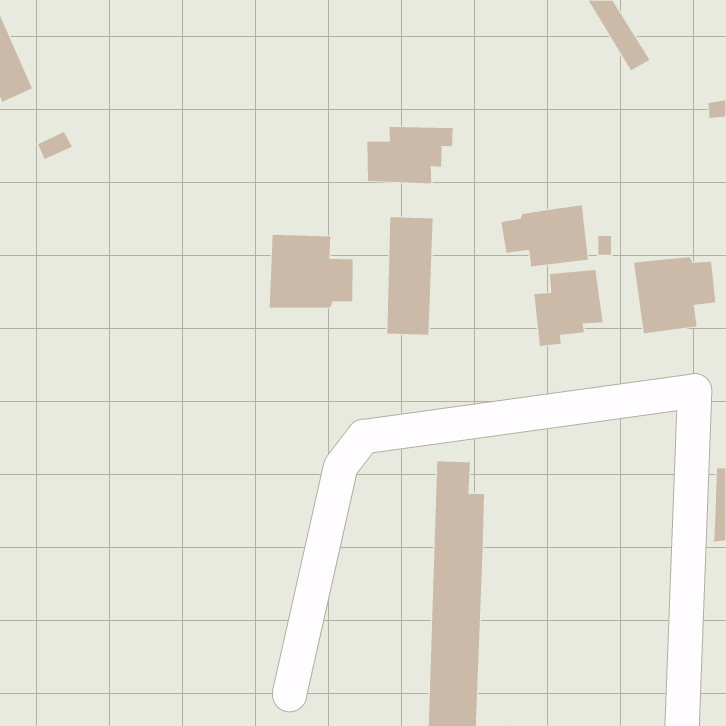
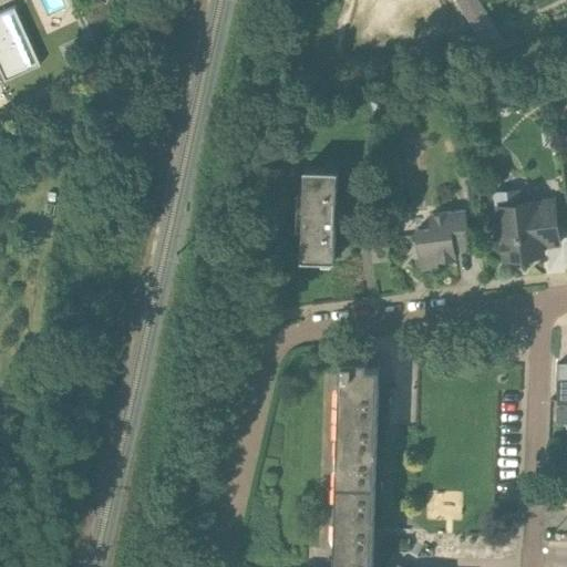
building: [367,126,453,184] -> none
building: [501,204,588,267] -> none
building: [269,234,353,308] -> none

